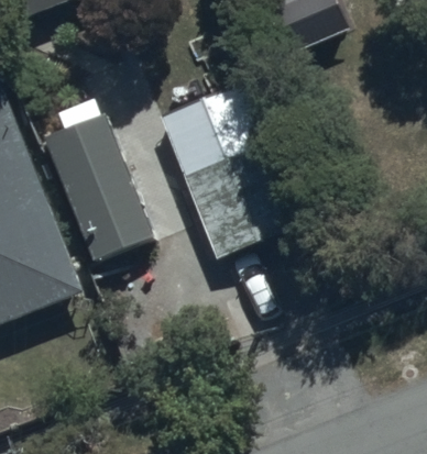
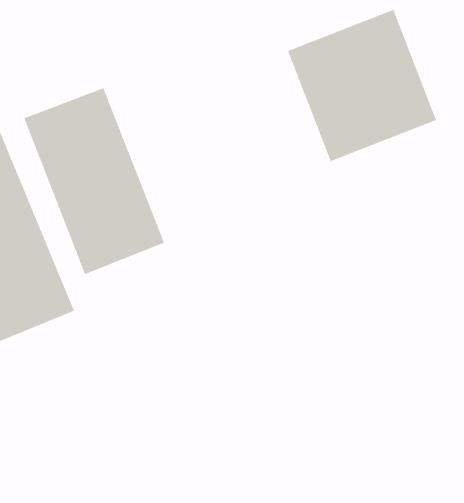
building: [178,136,297,257] -> [287,9,437,162]

